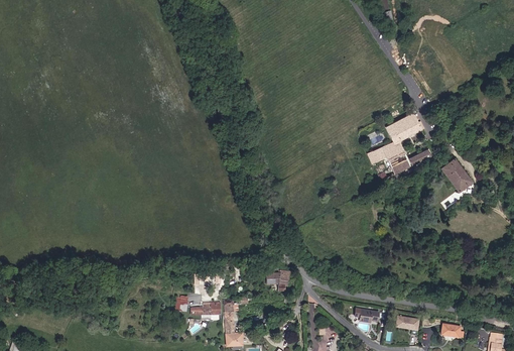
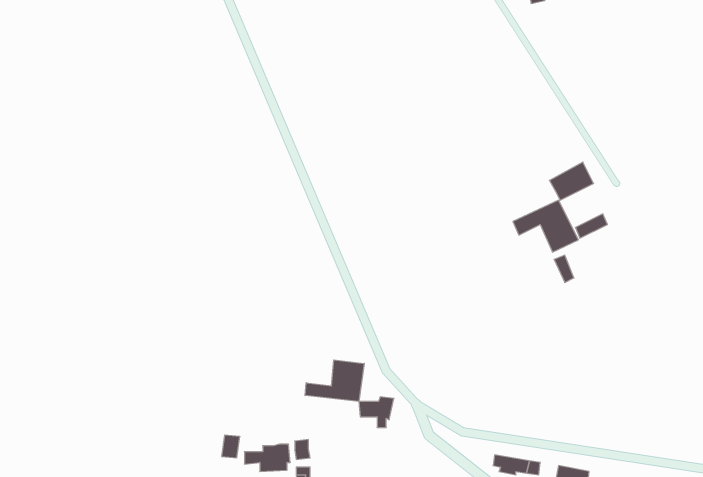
building: [441,157,472,191] -> none
building: none -> [305,360,364,401]

